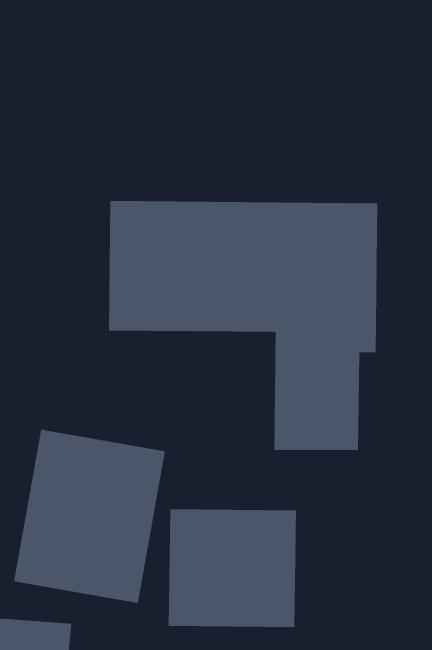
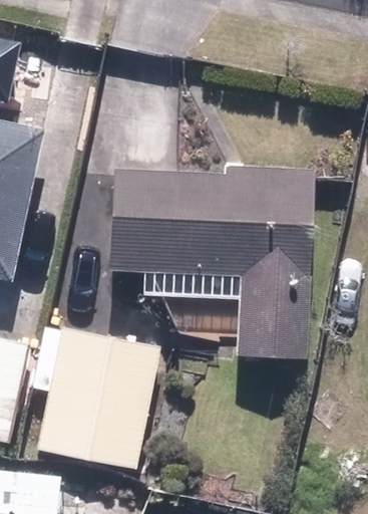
building: [168,509,297,628] -> none

